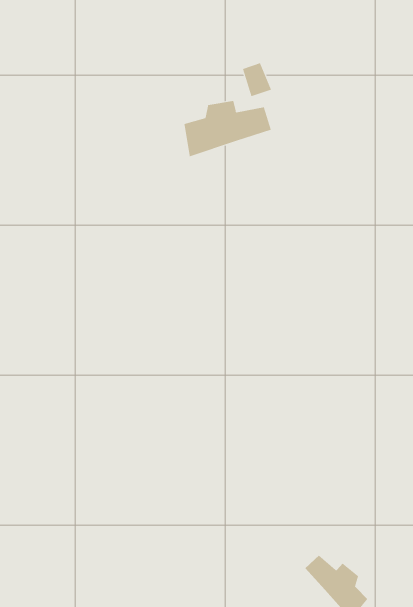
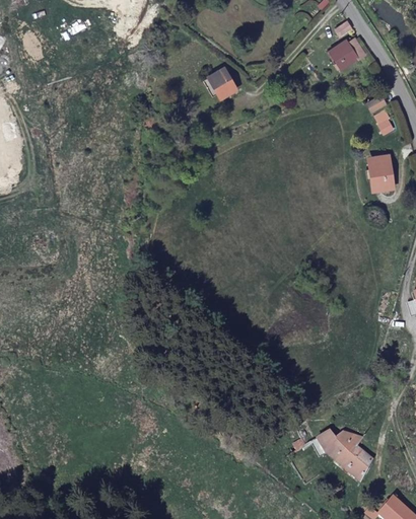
building: [184,100,271,157] -> none

